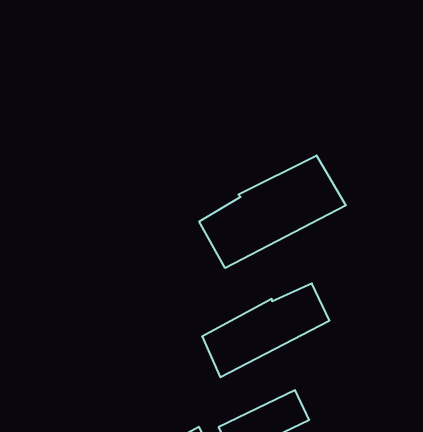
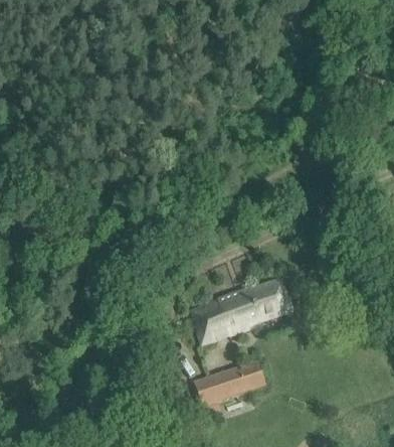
building: [199,155,346,268] -> none

